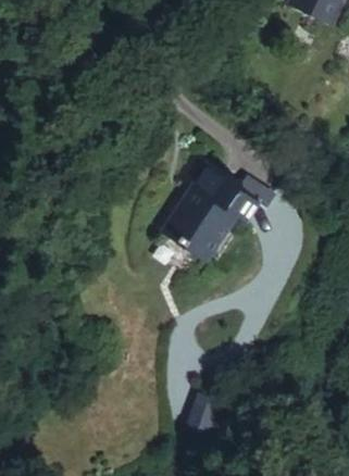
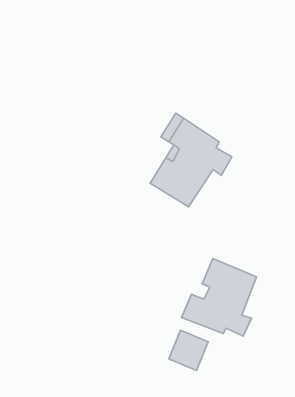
building: none -> [182,258,256,336]

